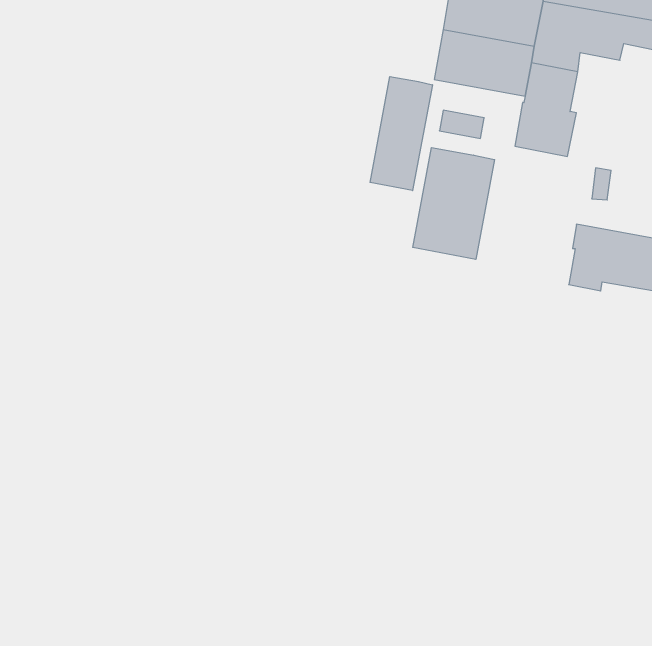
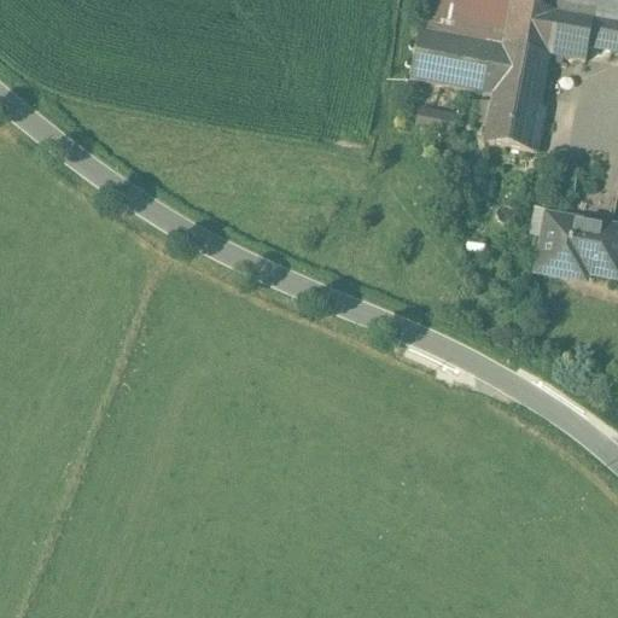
building: [370,77,432,191] -> none
building: [413,148,495,259] -> none

